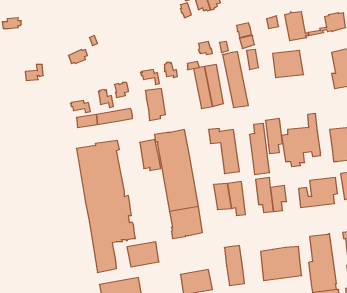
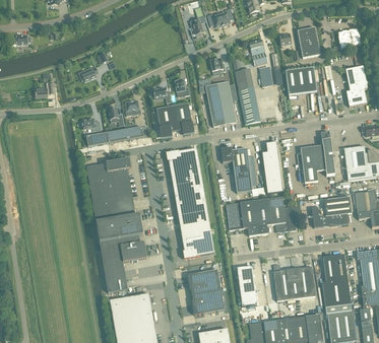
building: [265,119,282,154] -> [254,198,271,233]
building: [140,139,161,170] -> [173,102,194,134]
building: [127,242,159,267] -> [188,269,220,294]

